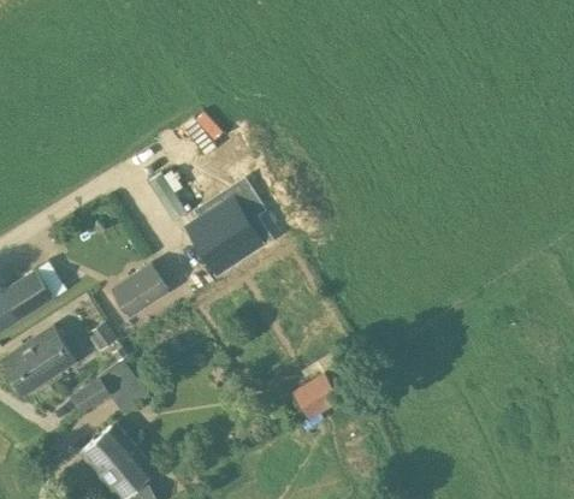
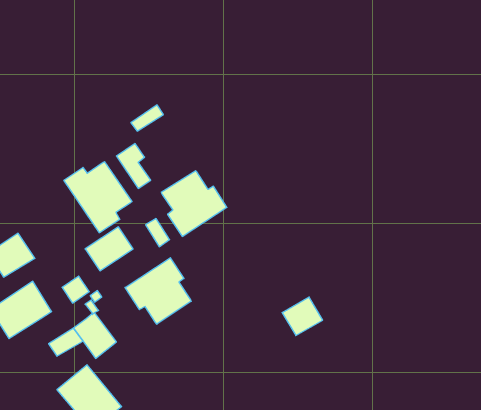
building: none -> [64,162,132,233]
building: none -> [125,258,191,324]
building: [291,375,338,420] -> [282,297,323,336]

